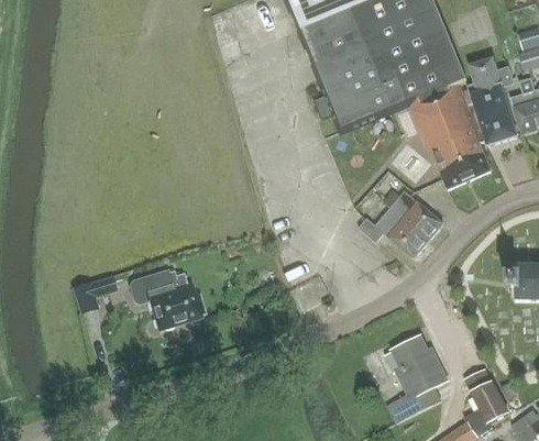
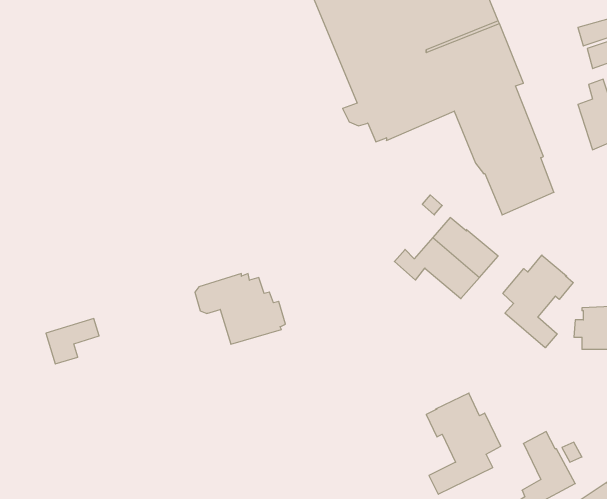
building: [464,57,518,144] -> none
building: none -> [503,255,573,348]
building: [130,269,205,328] -> [195,274,285,344]

